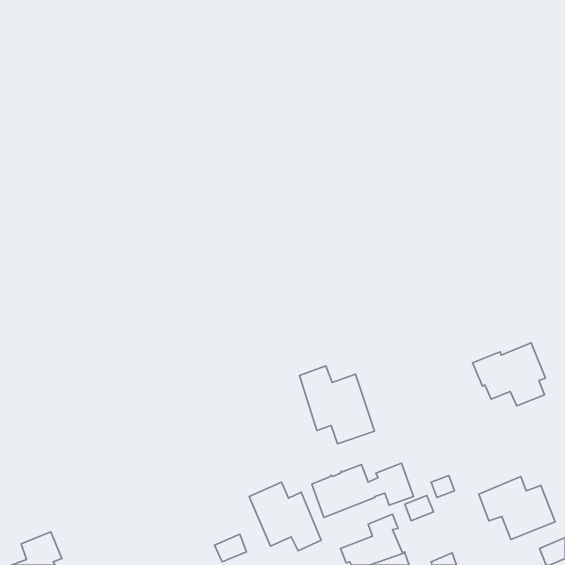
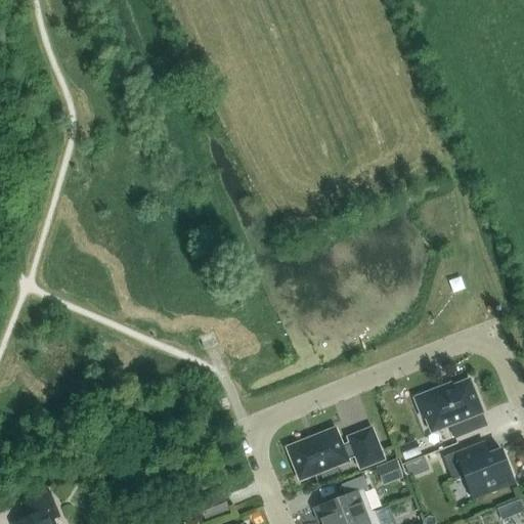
building: [473,343,546,406] -> [414,380,482,438]
building: [299,366,375,444] -> none
building: [249,482,321,551] -> none

